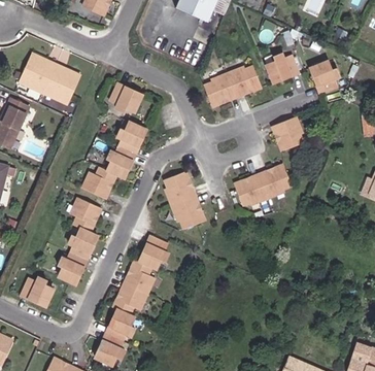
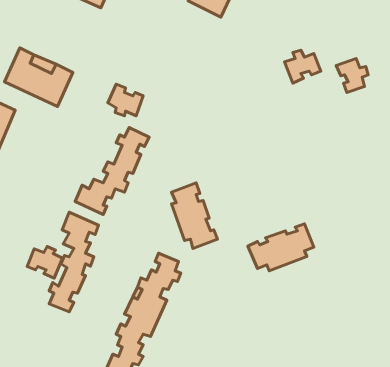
building: [202,63,260,105] -> none
building: [271,116,301,151] -> none
building: [233,164,291,205] -> [248,224,314,271]
building: [23,273,54,301] -> [27,246,63,278]

